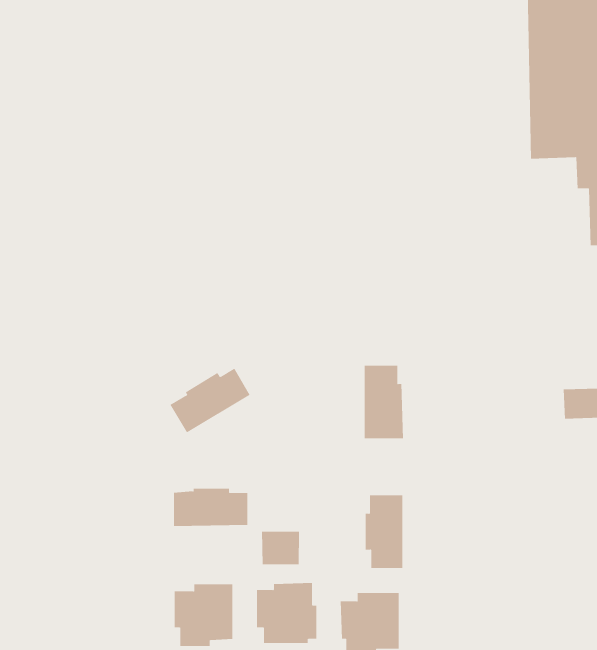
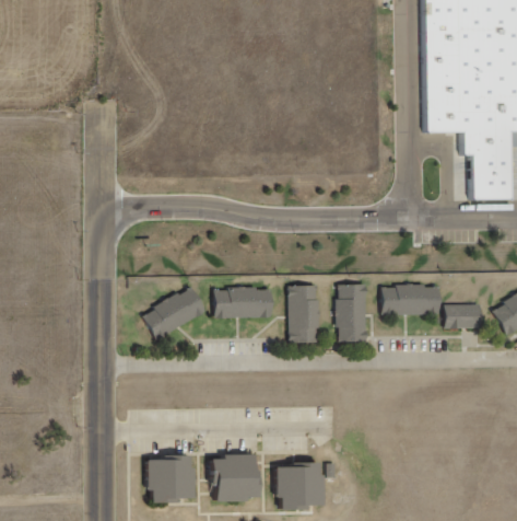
building: none -> [386,285,442,313]
building: [173,488,248,526] -> [216,288,274,317]
building: [365,495,403,569] -> [340,286,369,343]
building: [262,531,300,565] -> none

